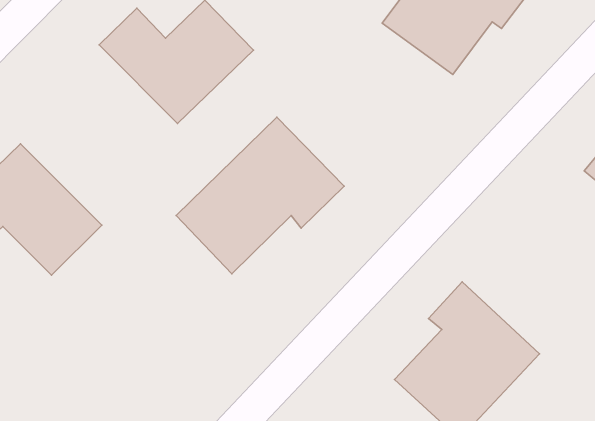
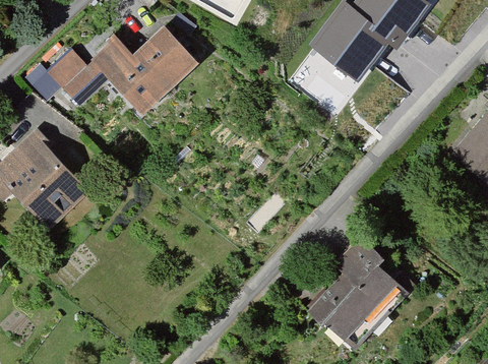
building: none -> [41,41,99,100]
building: [176,117,344,274] -> none

